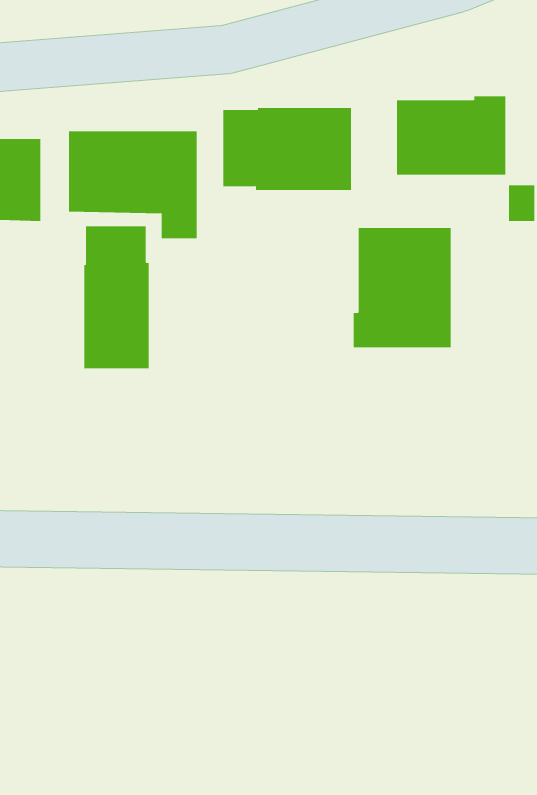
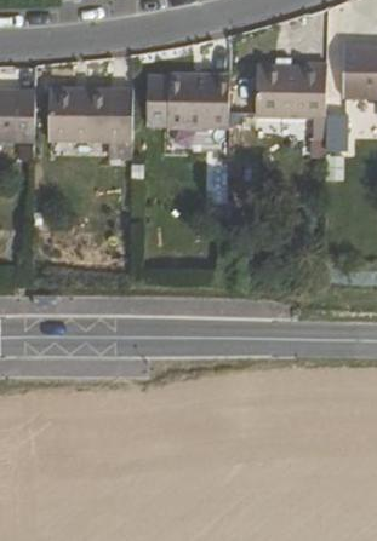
building: [84,226,149,369] -> none
building: [353,227,451,348] -> none

